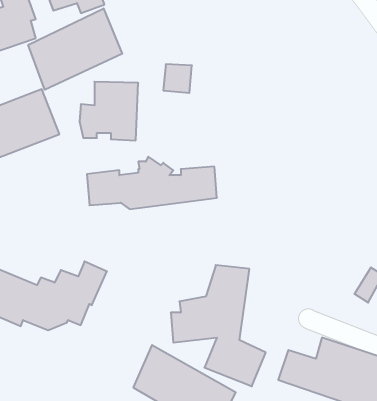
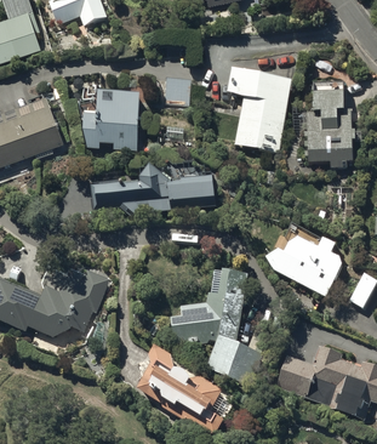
building: [28,8,122,90] -> none
building: none -> [225,69,292,152]
building: none -> [303,80,360,166]
building: none -> [263,235,341,295]

